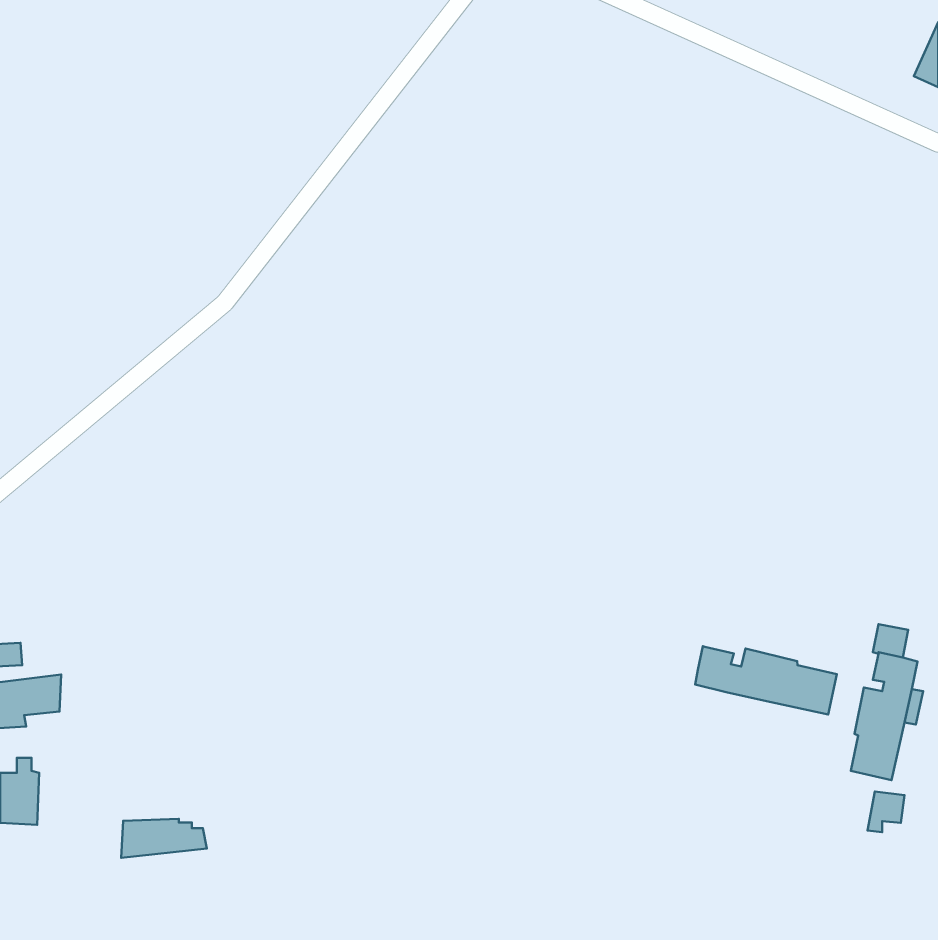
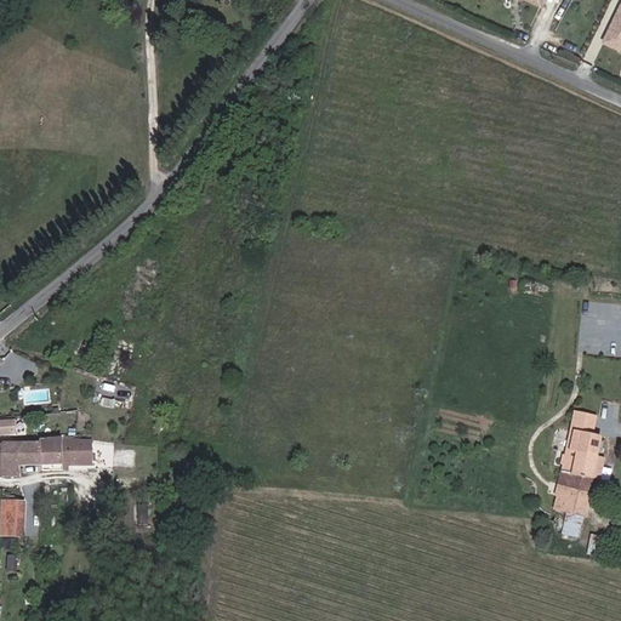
building: [695,646,837,715] -> none
building: [121,819,207,858] -> [39,439,95,465]

